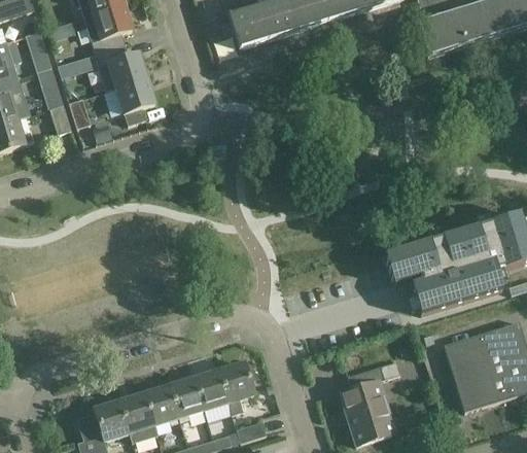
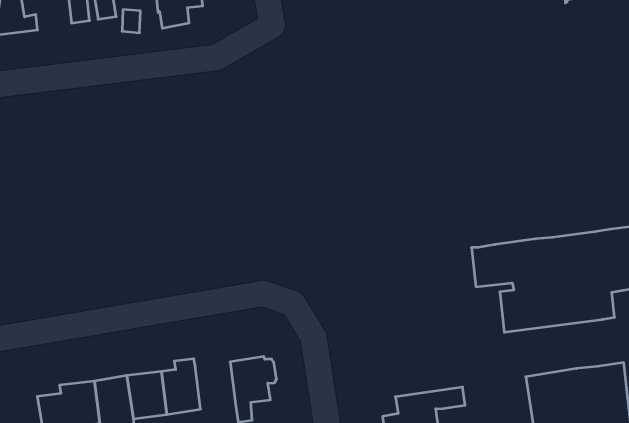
building: [192,369,227,408] -> none

